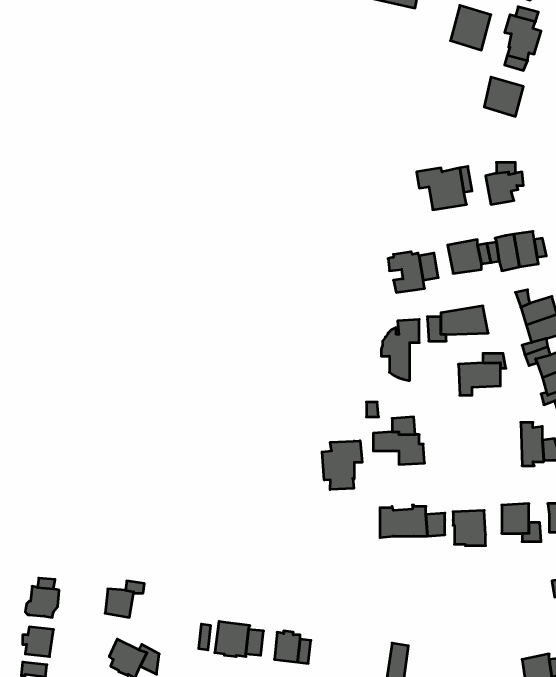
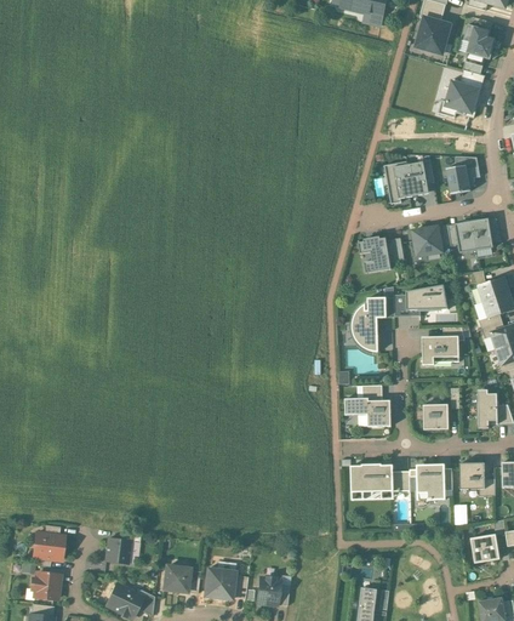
building: none -> [422,404,449,431]
building: [322,441,362,490] -> none
building: none -> [470,534,499,563]
building: none -> [162,566,188,592]

